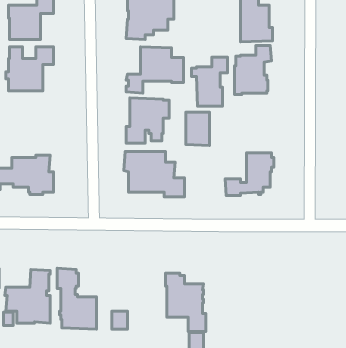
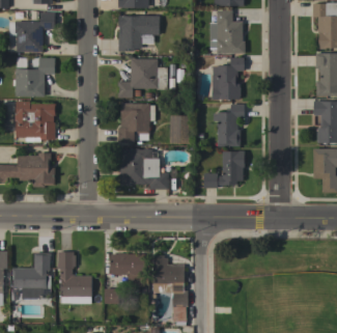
building: [192,57,227,106] -> [213,104,244,146]
building: none -> [15,101,55,142]
building: none -> [110,253,144,282]

